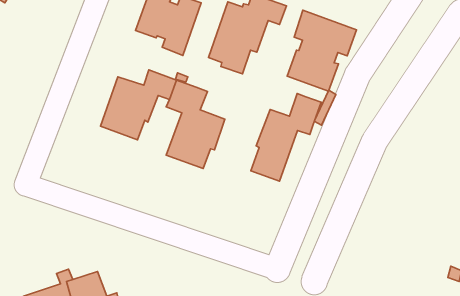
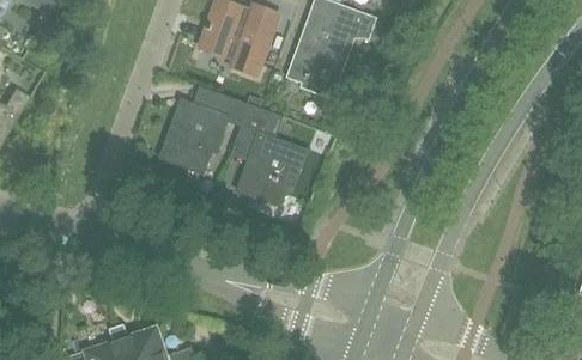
building: [287,10,357,91] -> none
building: [251,94,321,181] -> none

